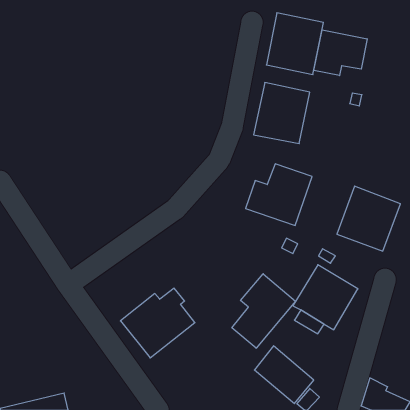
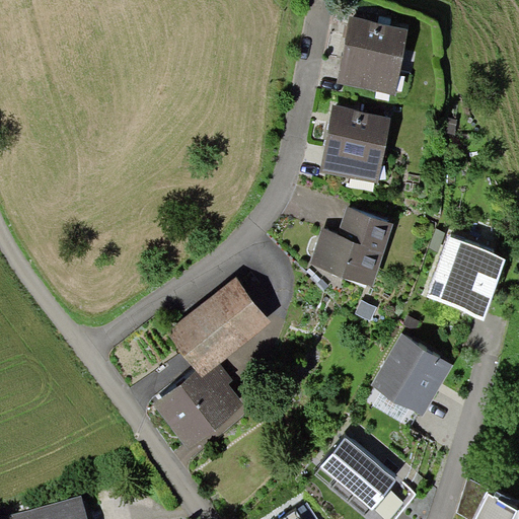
building: [314,30,367,76] -> none
building: none -> [165,278,272,378]
building: [232,274,296,348] -> none

